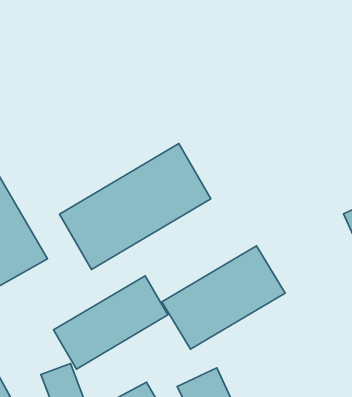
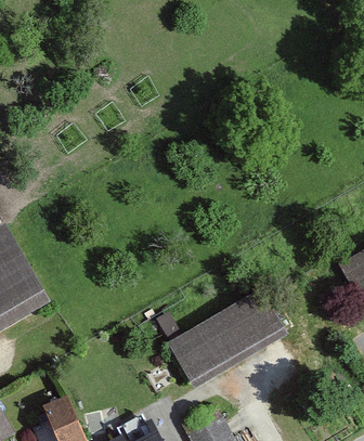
building: [59,144,211,269] -> none
building: [54,276,168,369] -> none

